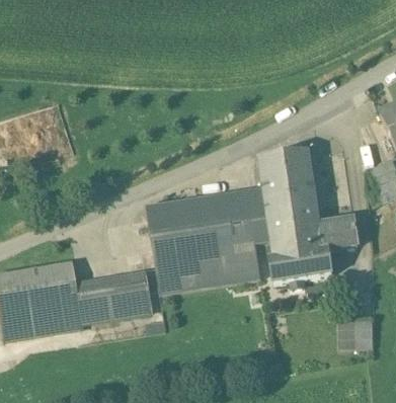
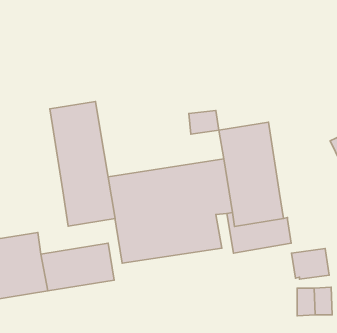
building: none -> [50,101,115,226]
building: none -> [189,111,219,134]
building: [320,217,359,248] -> [291,248,329,279]

